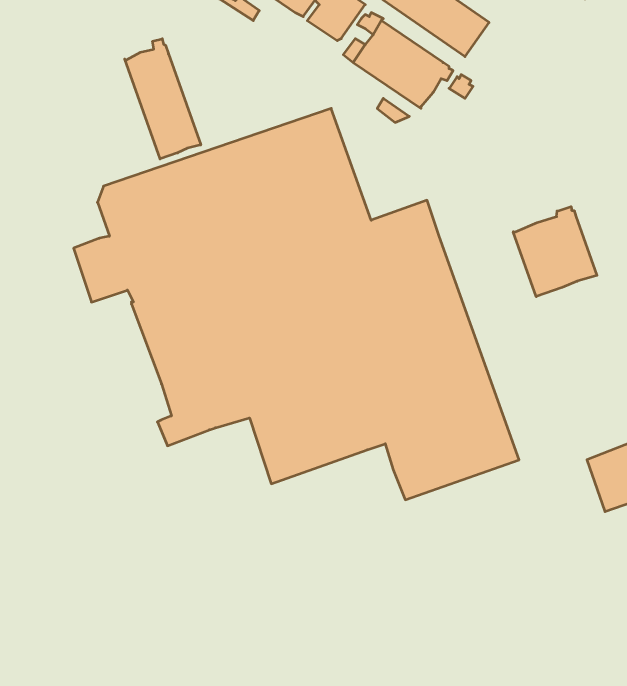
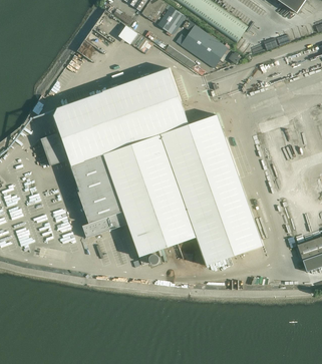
building: [125,39,201,159] -> none
building: [513,207,597,297] -> none

